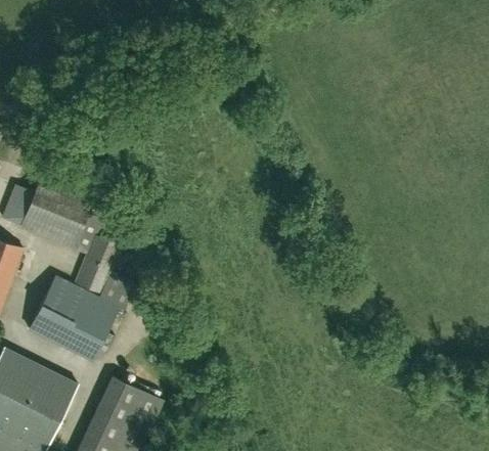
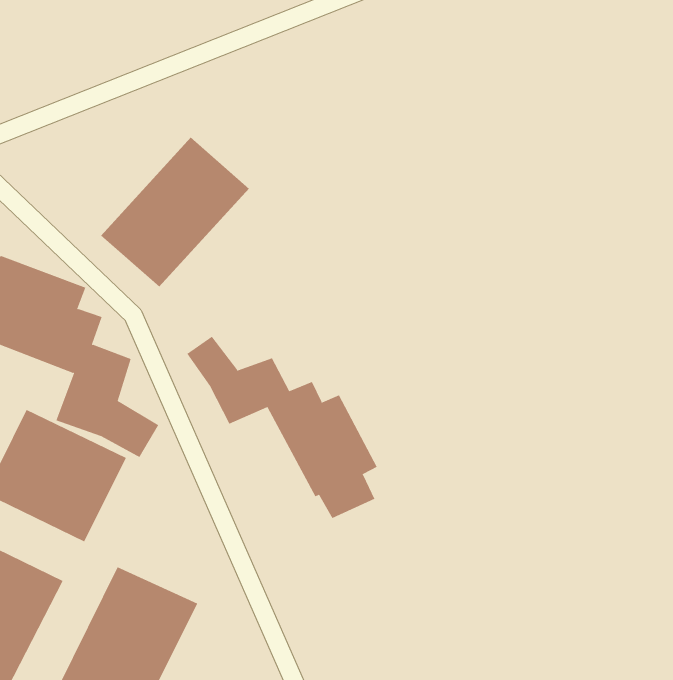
building: none -> [100,137,250,288]
building: none -> [187,336,378,519]

